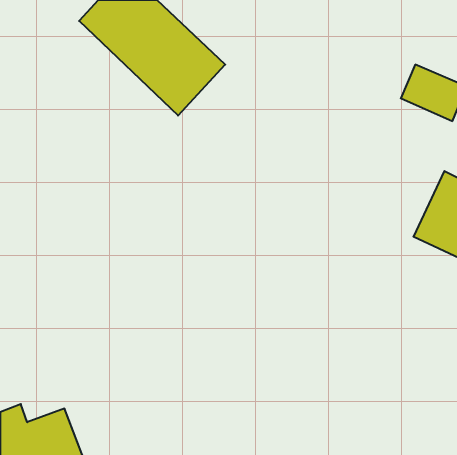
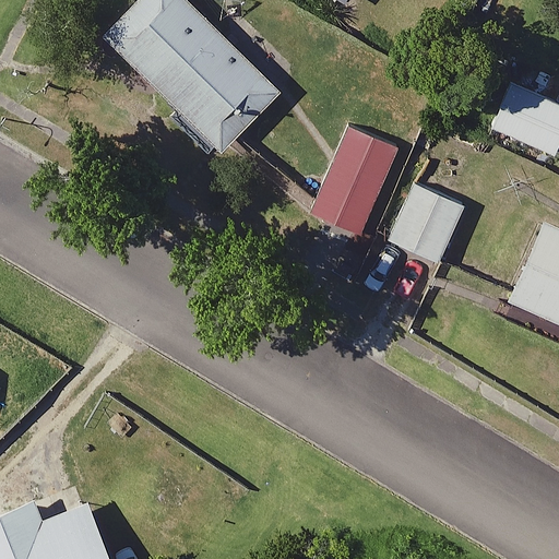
building: none -> [312,127,399,235]
building: none -> [384,182,465,264]

